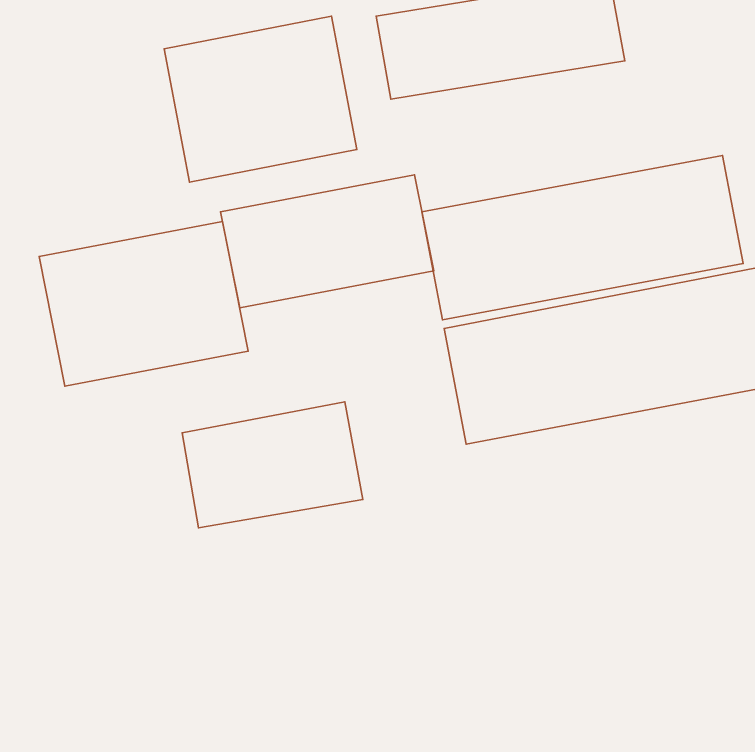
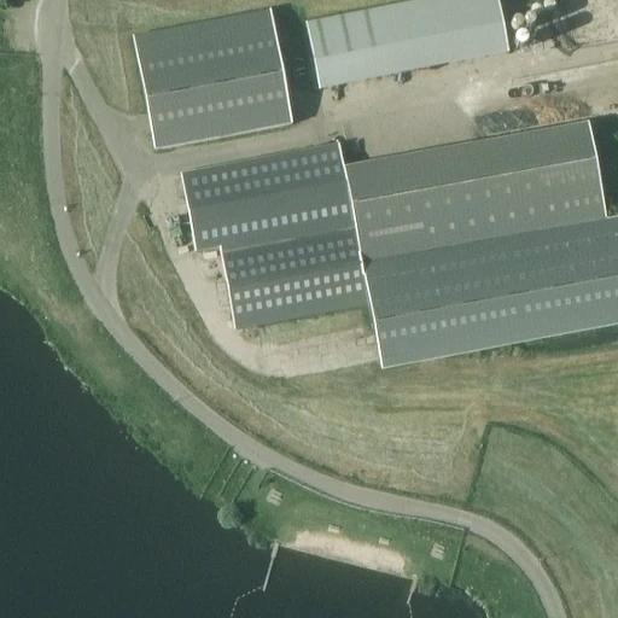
building: [39,222,248,386] -> none
building: [182,402,363,528] -> [222,223,369,326]

